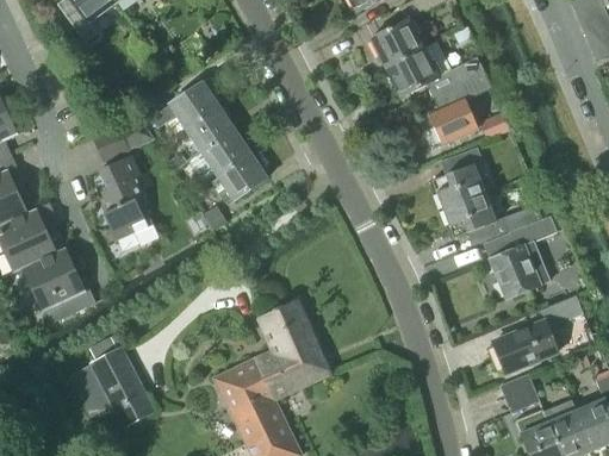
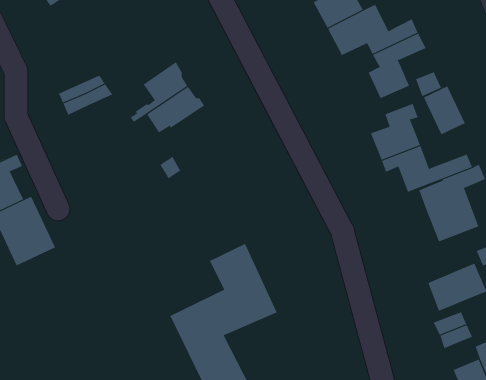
building: [151,81,220,127] -> none
building: none -> [423,85,466,135]
building: [215,150,267,201] -> none
building: [99,155,157,245] -> none
building: [68,336,155,426] -> none

